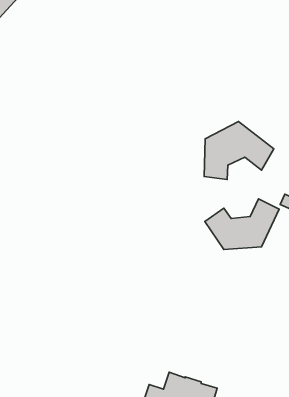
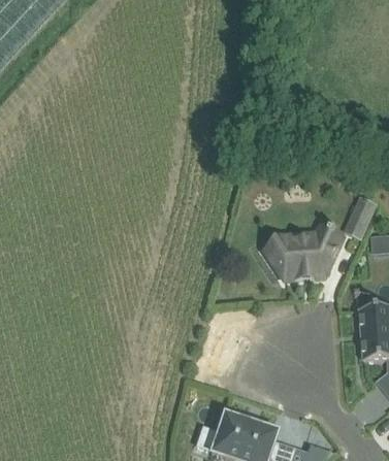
building: [204,122,274,179] -> none

